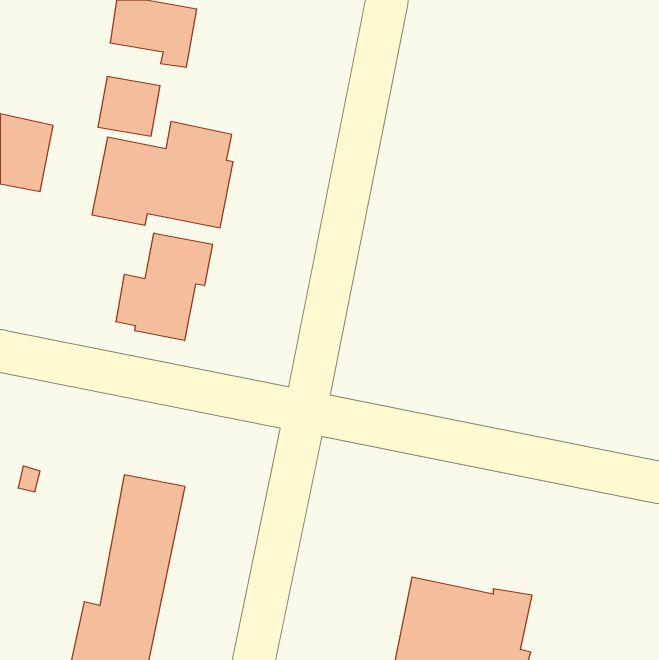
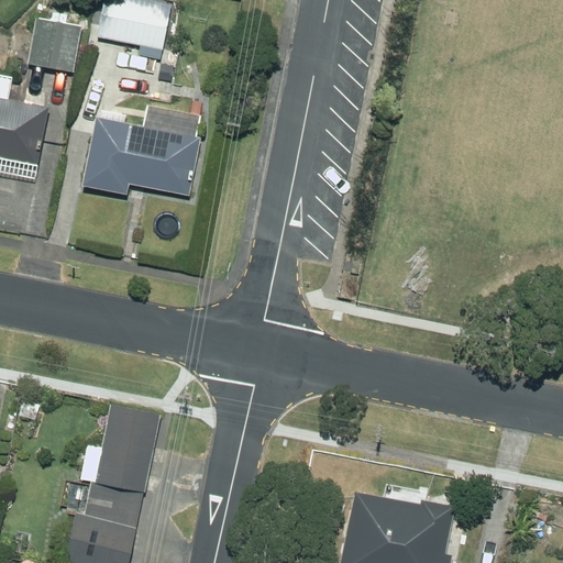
building: [98,77,160,136] -> [27,20,80,70]
building: [116,233,213,341] -> none

